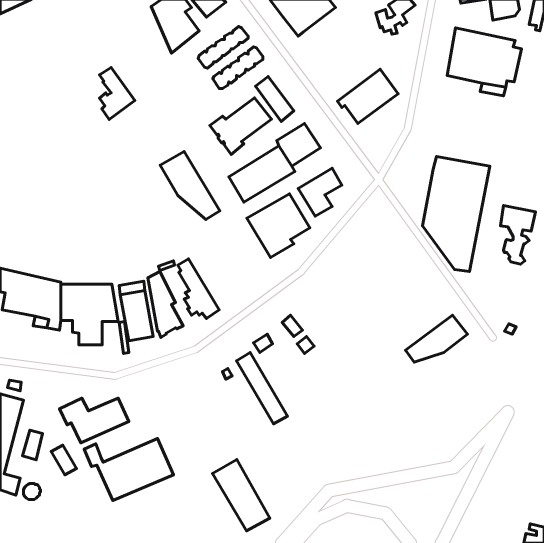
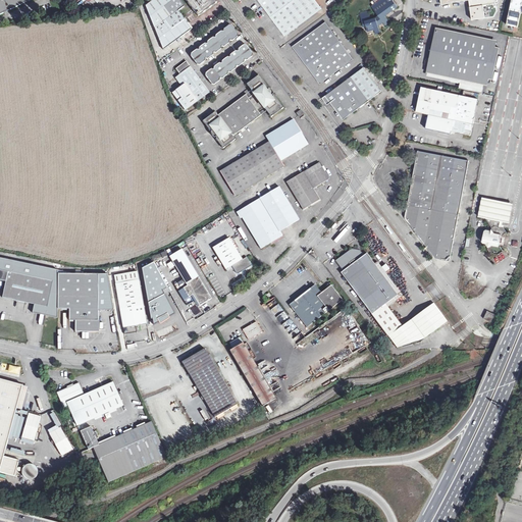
building: none -> [293,20,353,83]
building: [100,67,135,120] -> [174,61,208,111]
building: none -> [416,86,478,135]
building: [160,151,220,220] -> none
building: none -> [211,237,250,272]
building: none -> [336,248,402,334]
building: none -> [290,284,343,325]
building: [212,460,270,531] -> [181,347,237,415]

